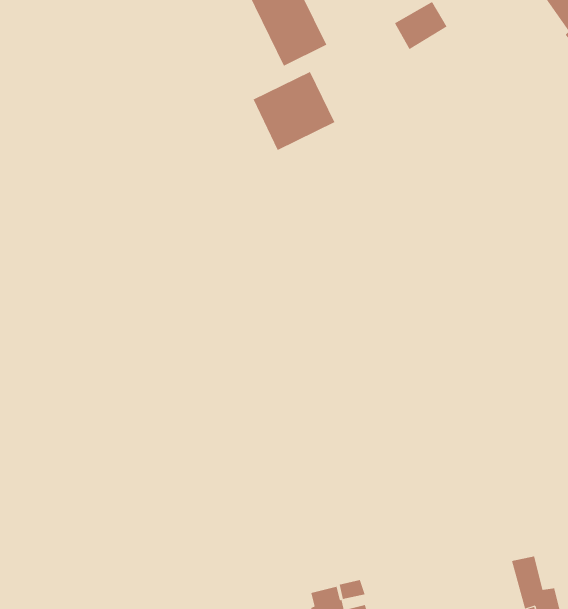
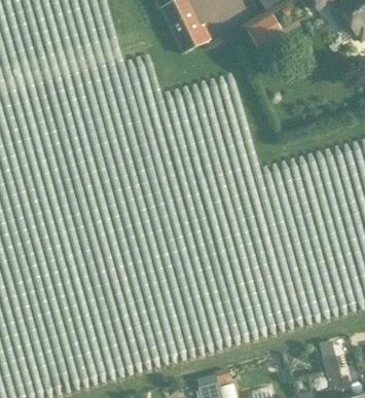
building: [253,71,335,151] -> none

